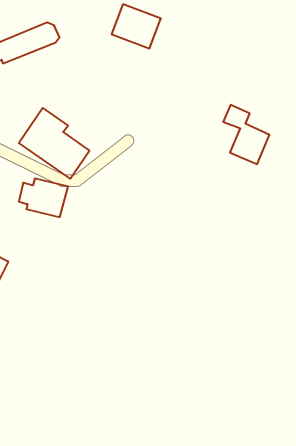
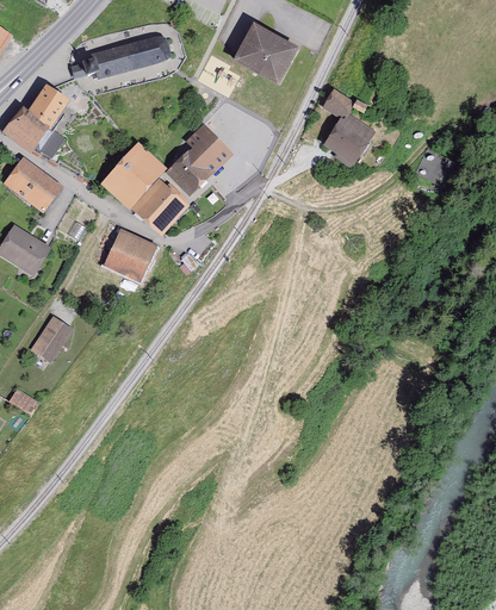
building: none -> [168,124,232,193]
building: [223,105,270,164] -> [322,86,378,164]

